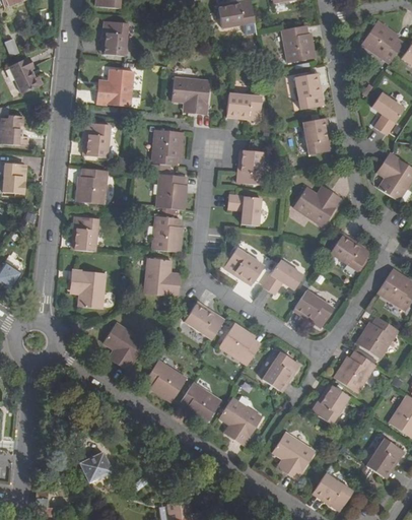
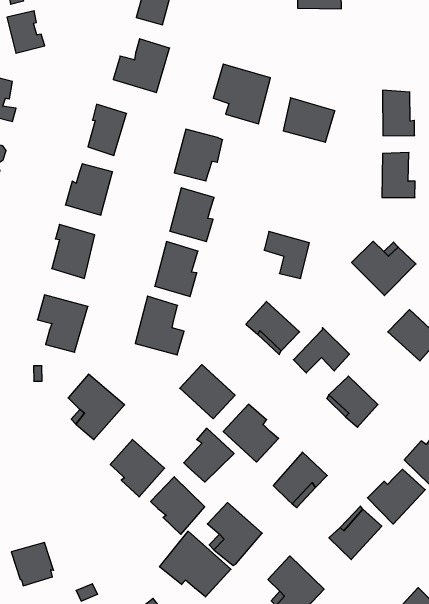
building: [282,25,316,62] -> none
building: [235,150,264,187] -> none
building: none -> [184,428,234,482]
building: none -> [160,531,231,597]

